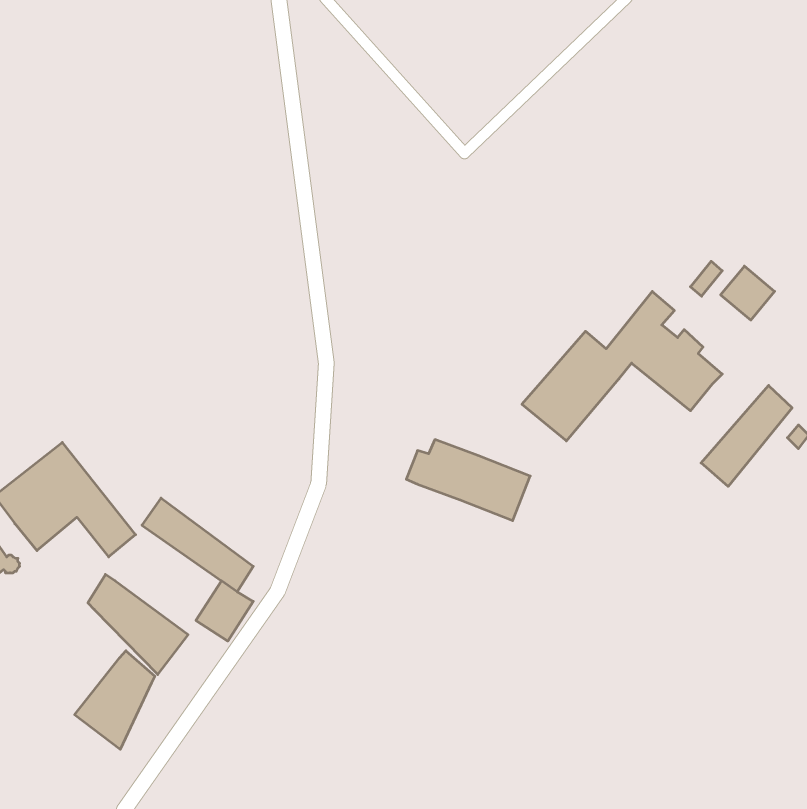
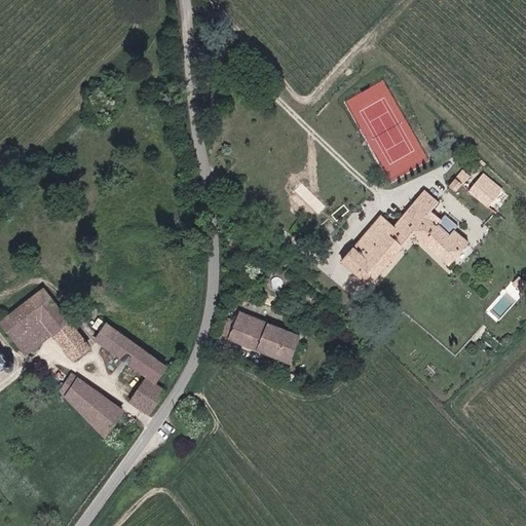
building: [701,385,792,486] -> none
building: [406,440,530,521] -> [220,311,300,364]
building: [75,651,155,749] -> none

